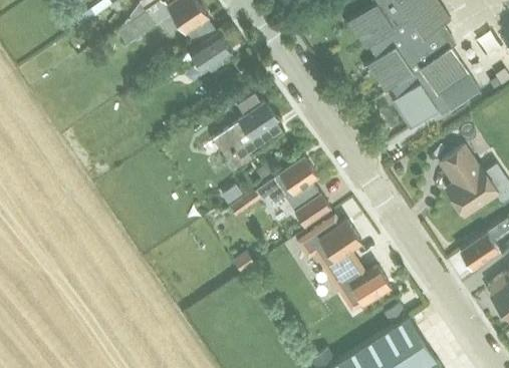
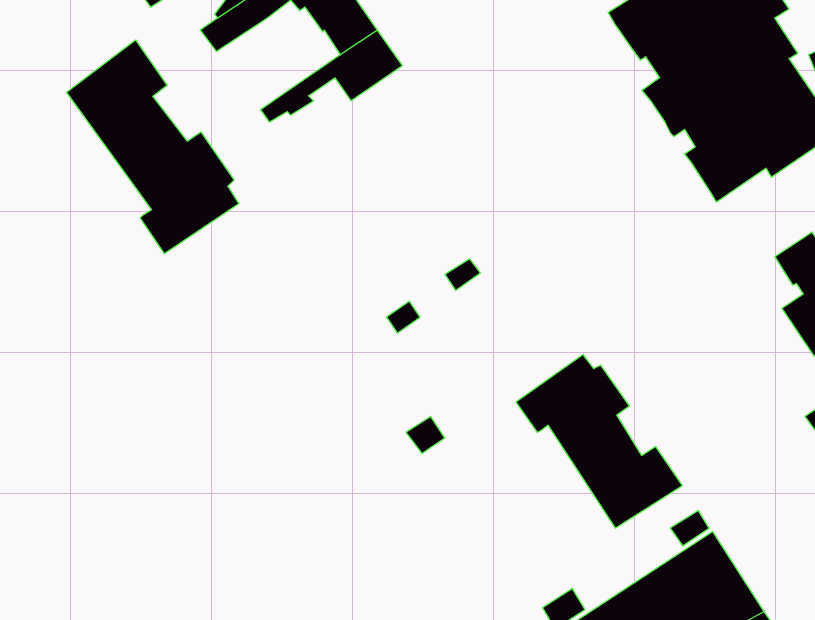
building: none -> [67,40,239,254]
building: [213,92,284,172] -> none
building: [230,157,330,226] -> none

